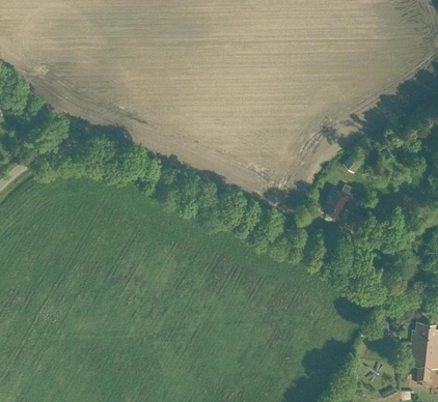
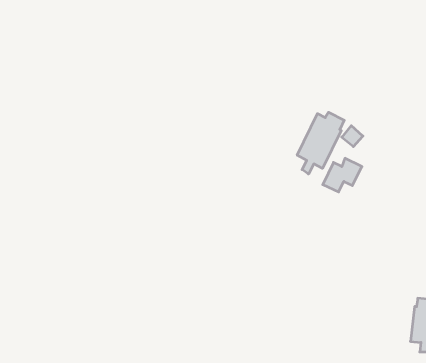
building: none -> [297,112,344,174]

